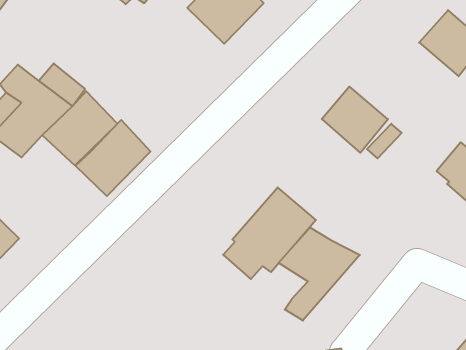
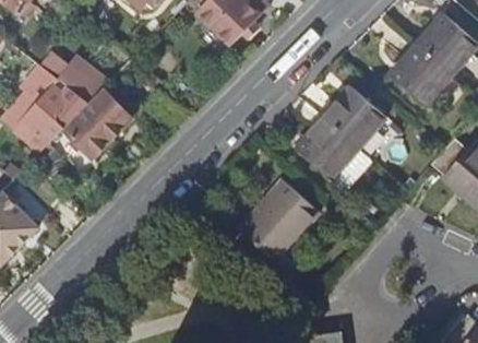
building: none -> [387,44,452,106]
building: none -> [296,116,359,179]
building: [75,120,150,196] -> none
building: [279,228,360,321] -> none

